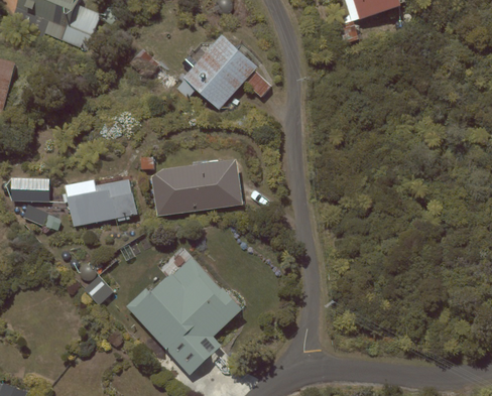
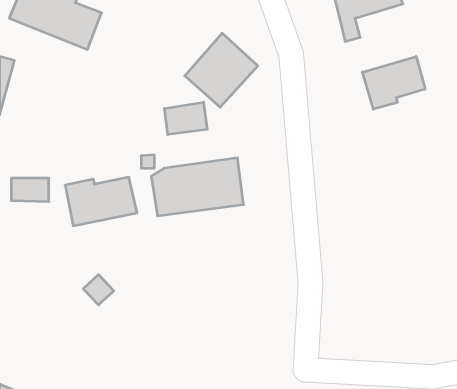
building: none -> [362,56,425,109]
building: none -> [164,102,207,135]
building: [126,255,242,375] -> none

